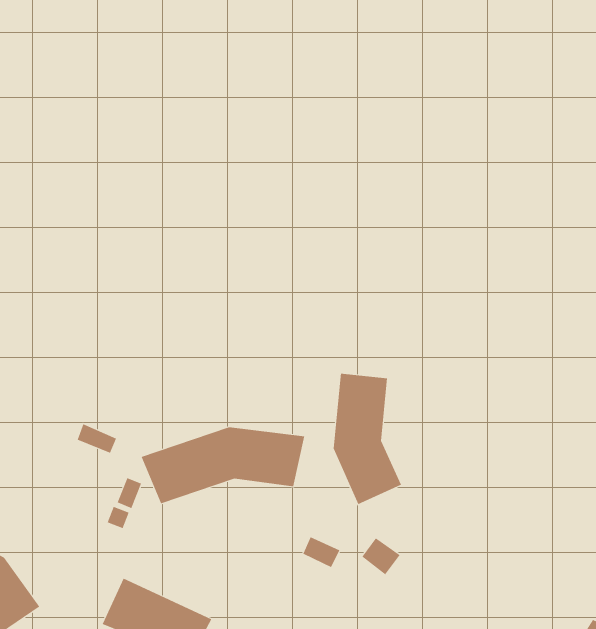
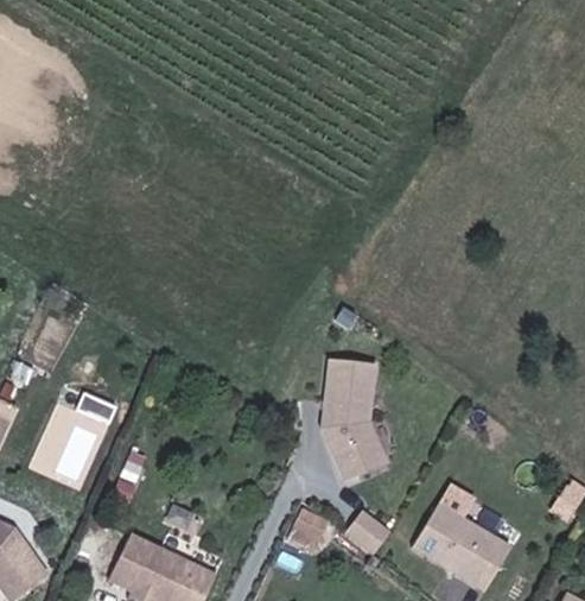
building: [141,427,305,504] -> none
building: none -> [412,501,510,588]

